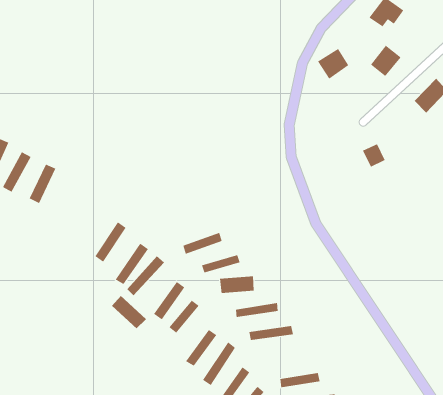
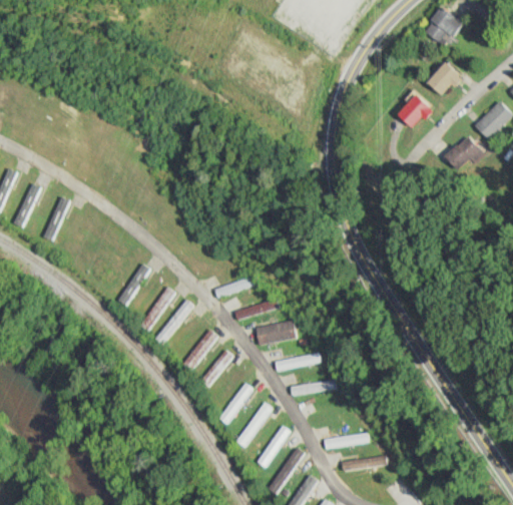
building: [317,48,349,79] -> [396,94,432,129]
building: [362,143,385,167] -> [455,136,481,163]
building: [111,295,147,329] -> none

